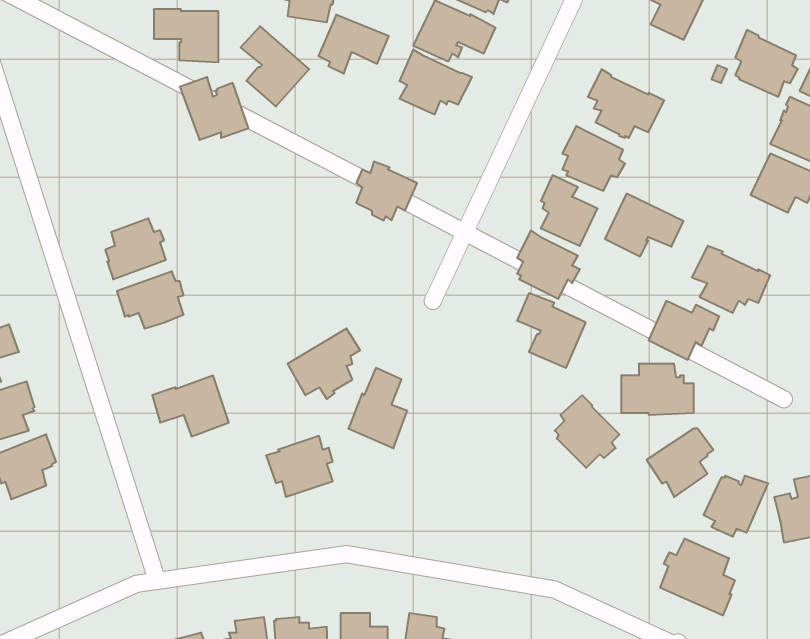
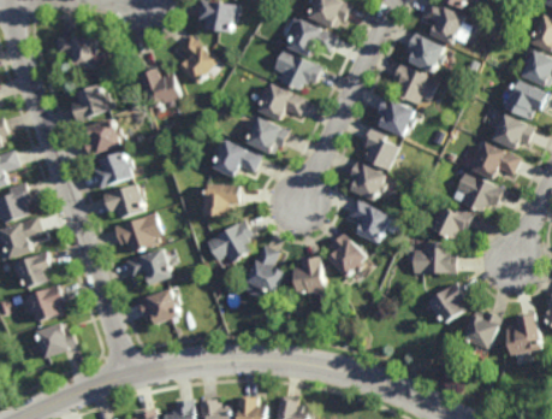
building: [154,9,218,62] -> [55,37,95,70]
building: [318,15,389,74] -> [261,85,304,122]
building: [735,30,798,97] -> [405,31,444,72]
building: none -> [72,84,109,122]
building: none -> [82,119,120,157]
building: [605,194,683,256] -> [470,141,518,179]
building: none -> [214,141,262,178]
building: none -> [206,185,243,217]
building: none -> [112,213,160,253]
building: none -> [291,255,325,296]
building: [555,395,619,468] -> [326,234,366,278]
building: [266,436,333,497] -> [137,285,178,323]
building: none -> [36,320,76,354]
building: [660,539,735,615] -> none

